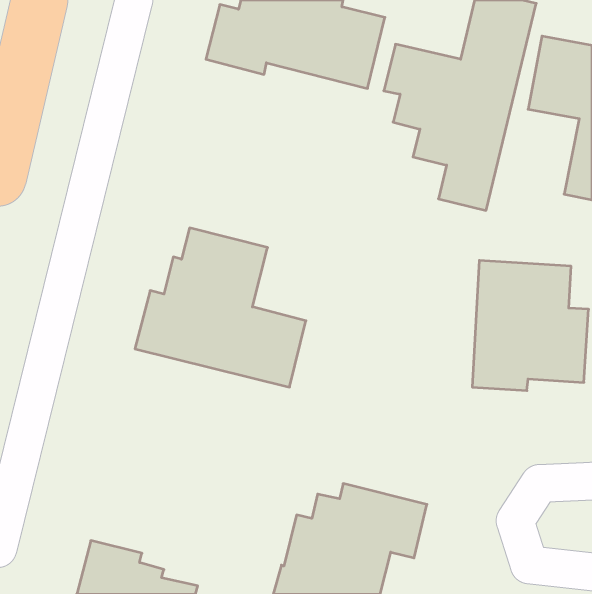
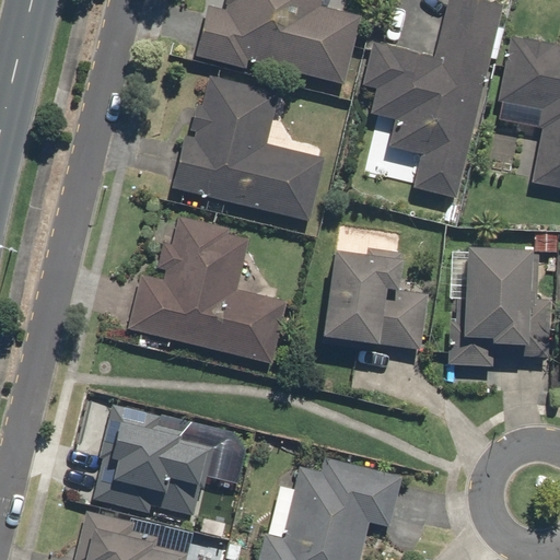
building: none -> [170,73,327,222]
building: none -> [325,246,430,351]
building: none -> [92,402,245,513]

